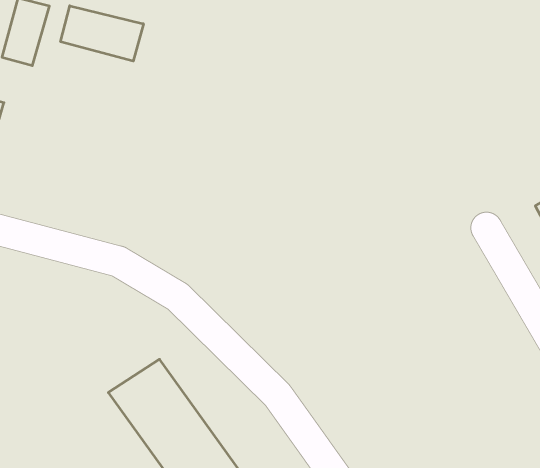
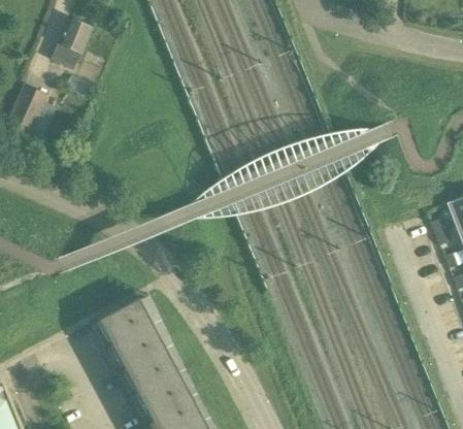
building: [61,6,143,61] -> none

